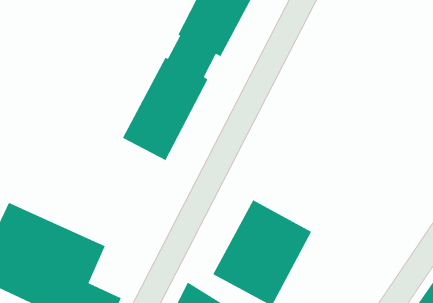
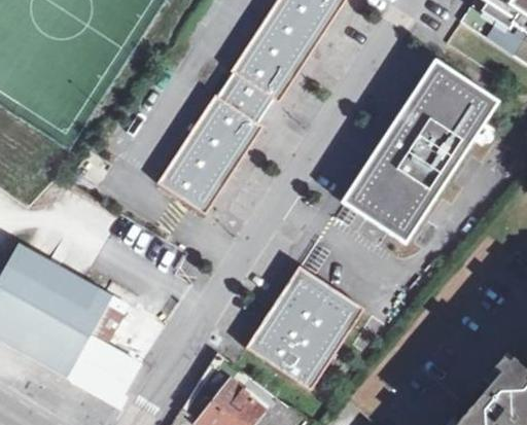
building: none -> [346,65,494,238]

